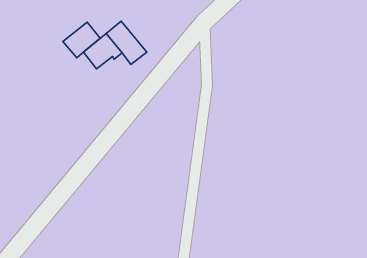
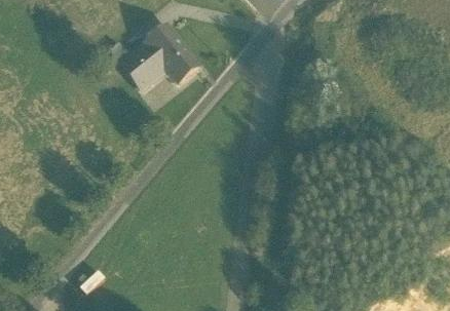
building: [63,22,100,58] -> none

